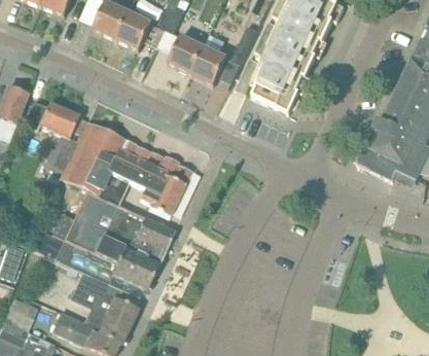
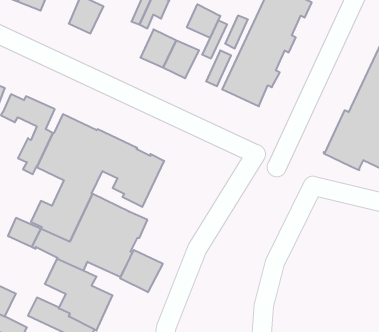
building: none -> [187,4,220,38]
building: [115,10,152,49] -> none
building: none -> [120,250,163,292]

